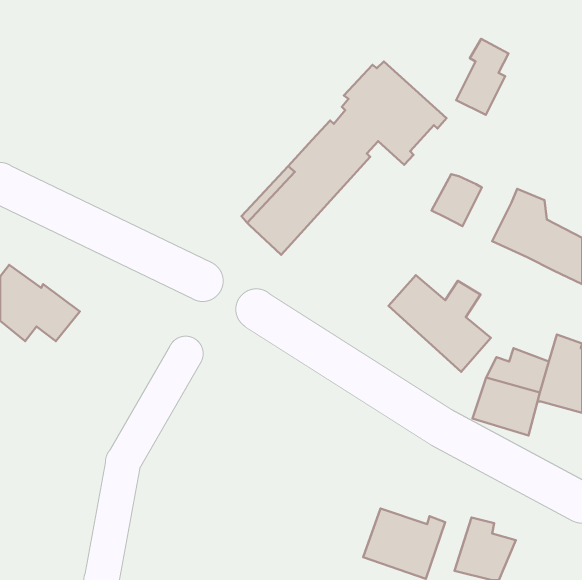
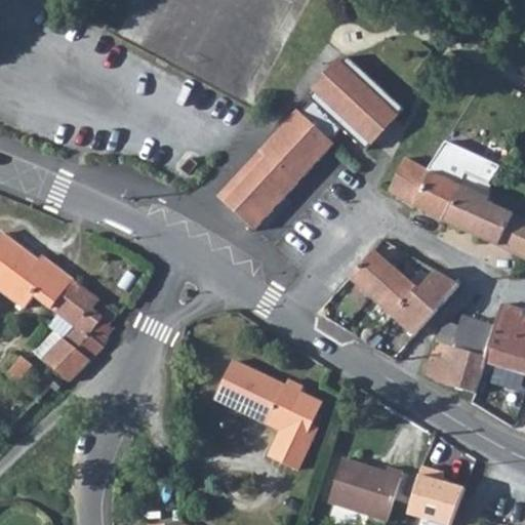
building: [456,39,509,115] -> [416,149,463,217]
building: none -> [419,266,460,305]
building: none -> [41,281,117,379]
building: none -> [213,360,318,468]

